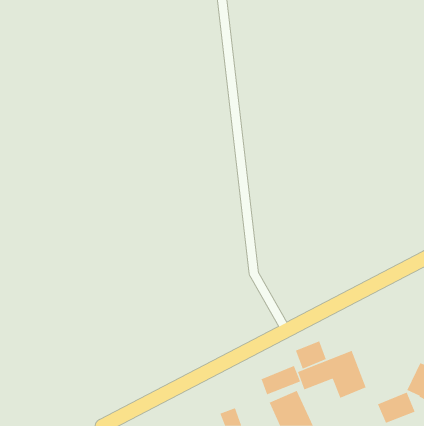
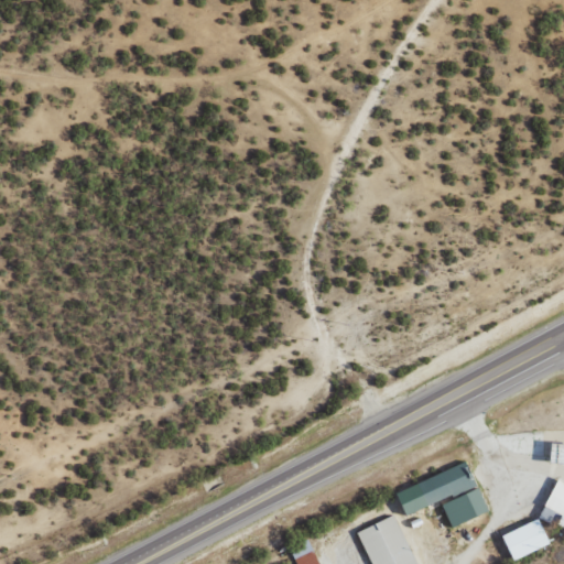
building: [295,341,326,370] -> none
building: [261,365,301,395] -> none

